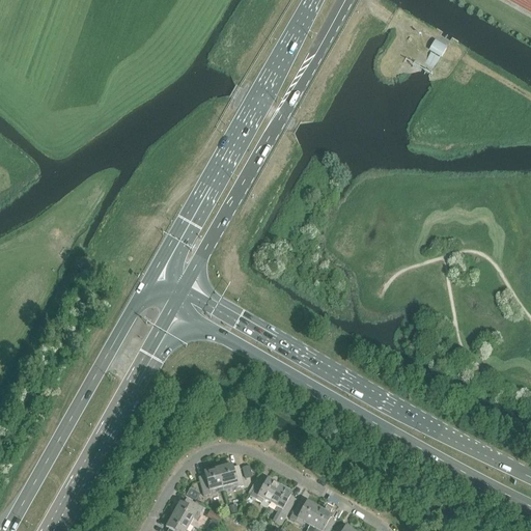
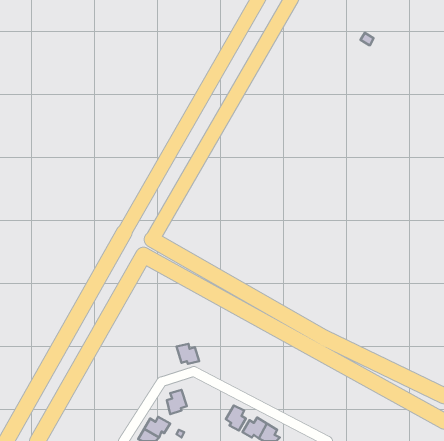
building: [217,463,244,486] -> [176,344,199,364]
building: [250,477,279,501] -> none

